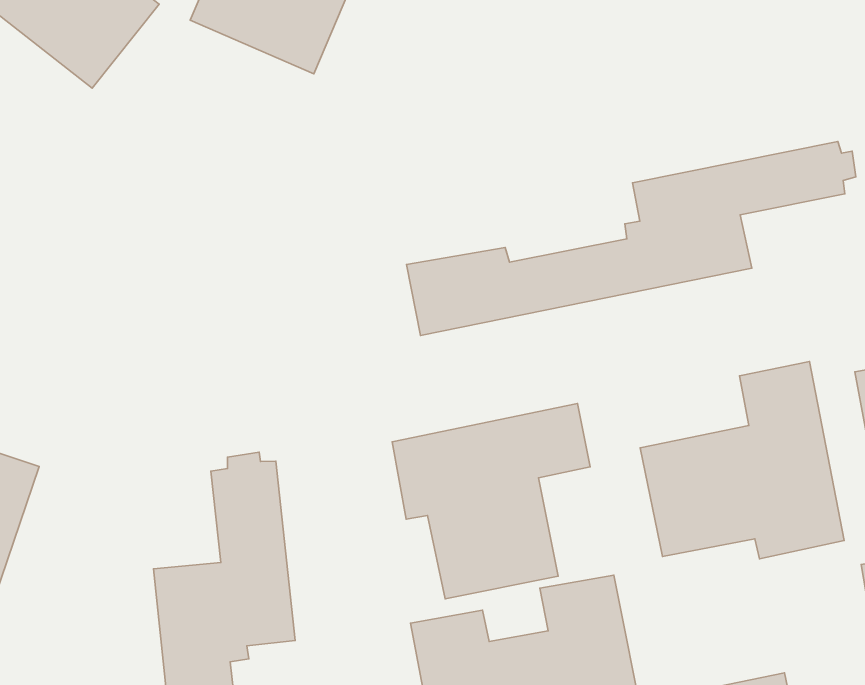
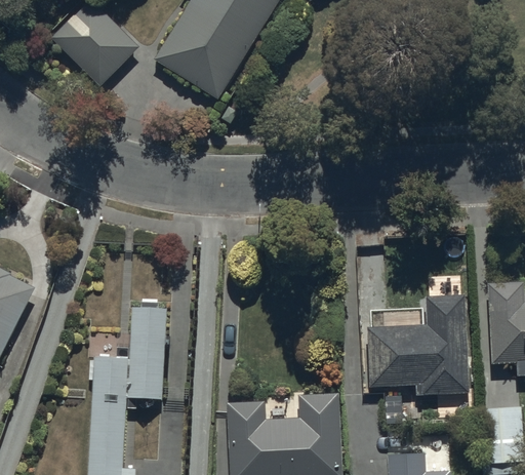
building: [406,141,856,336] -> none
building: [392,403,590,599] -> none

